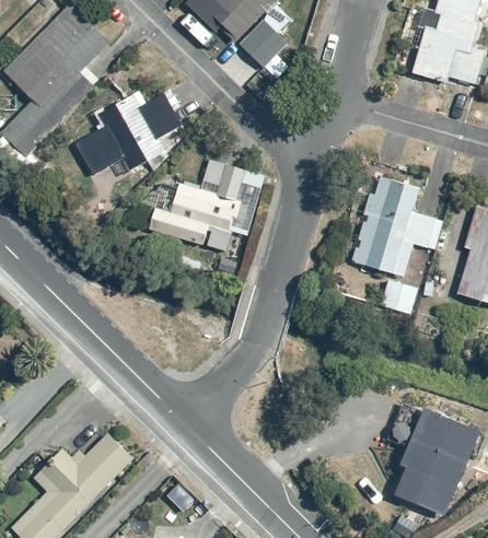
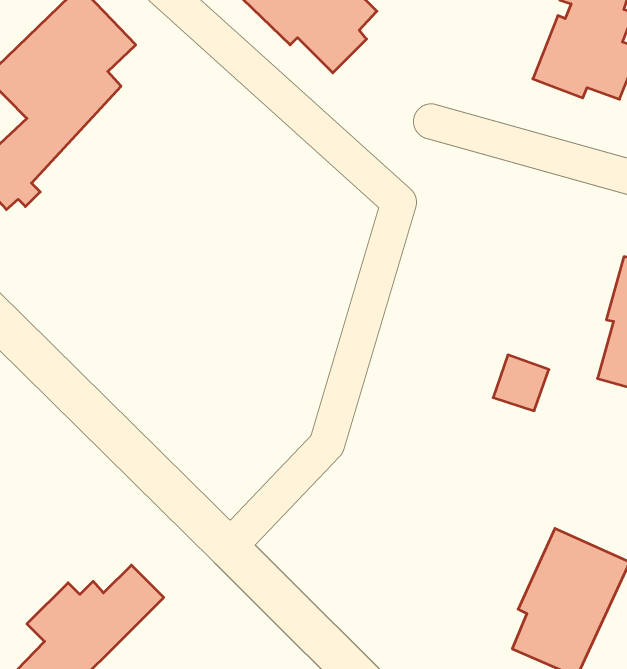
building: [74,87,185,176] -> none
building: [149,155,267,254] -> none
building: [350,171,442,279] -> none

